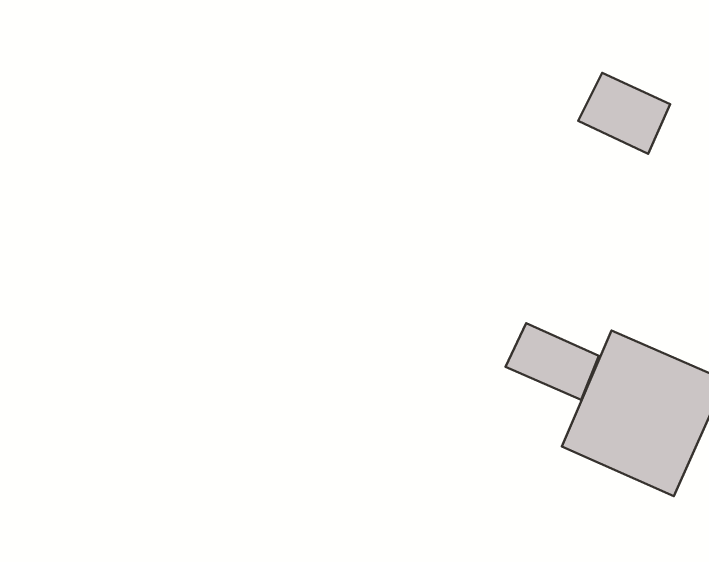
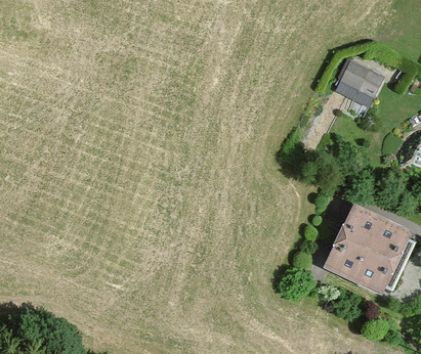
building: [505,323,599,400] -> none

